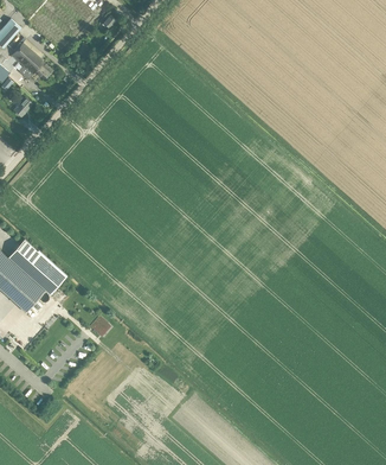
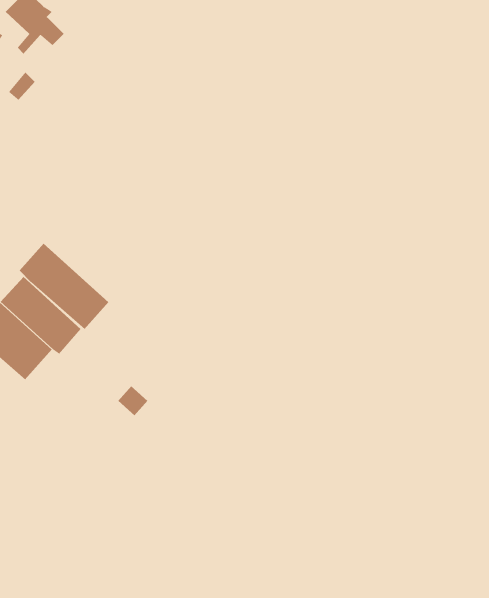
building: none -> [19,243,109,330]

